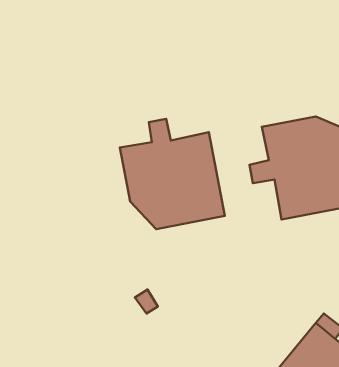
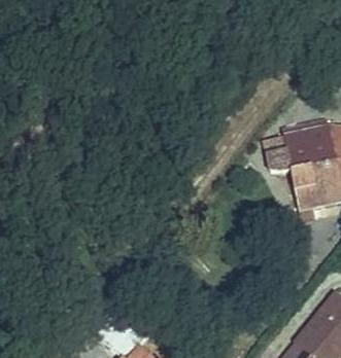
building: [120,119,225,229] -> none

